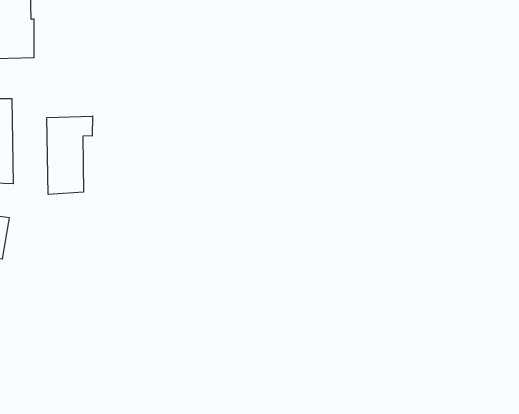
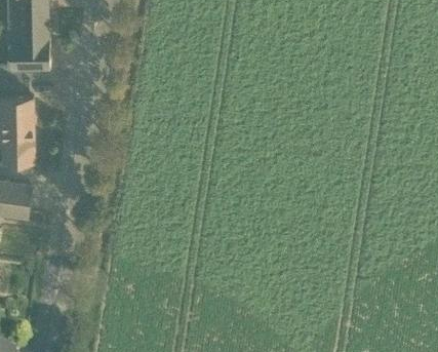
building: [47,116,93,194] -> none

